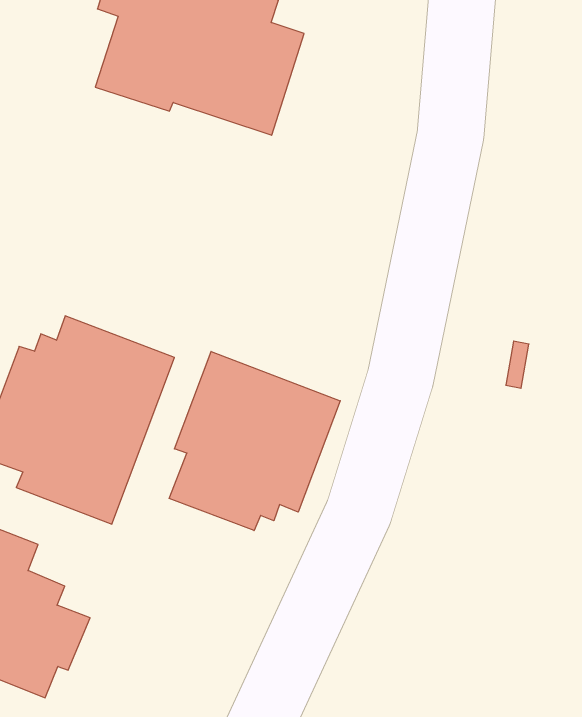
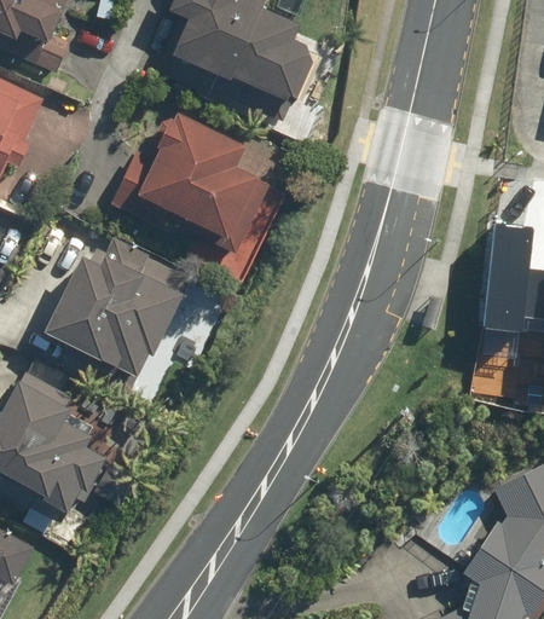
building: none -> [108,109,270,255]
building: [169,351,340,531] -> none

